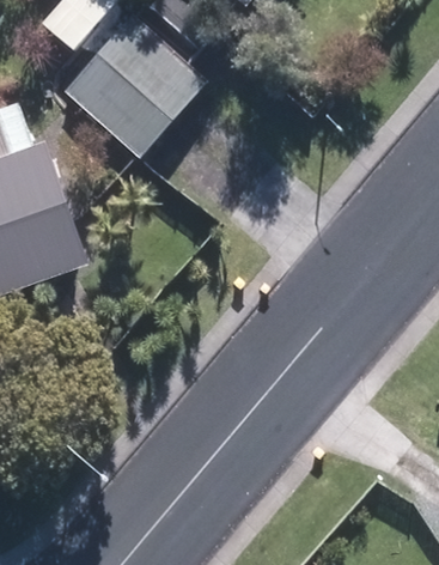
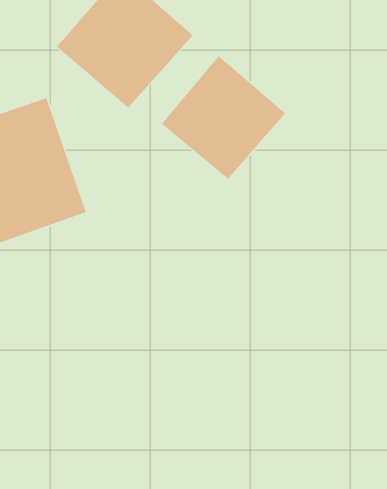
building: none -> [161,55,286,180]

